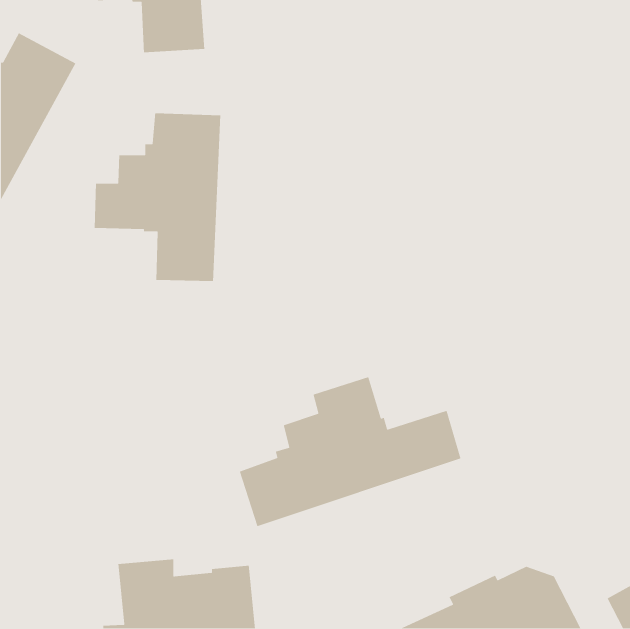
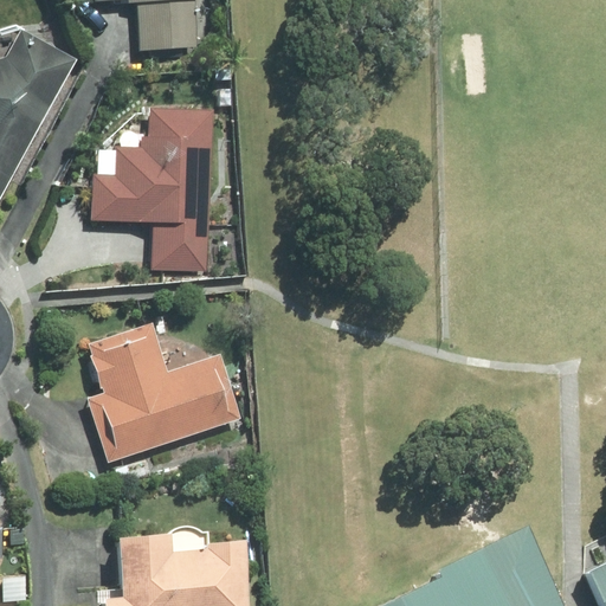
building: none -> [85,323,240,463]
building: [239,376,462,527] -> none

